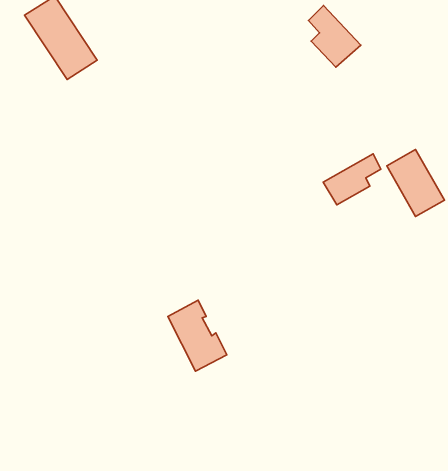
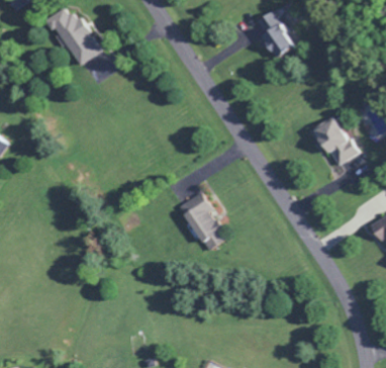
building: [323,154,381,205] -> none
building: [168,300,227,371] -> [184,199,227,252]

